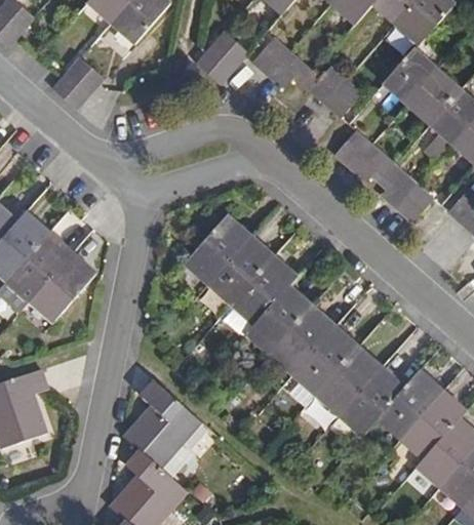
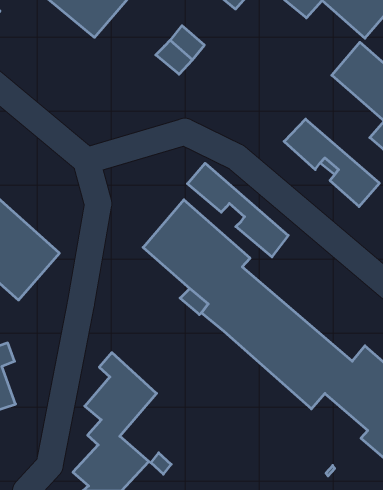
building: [251,38,362,118] -> none
building: [51,57,103,110] -> none
building: none -> [187,163,288,257]

